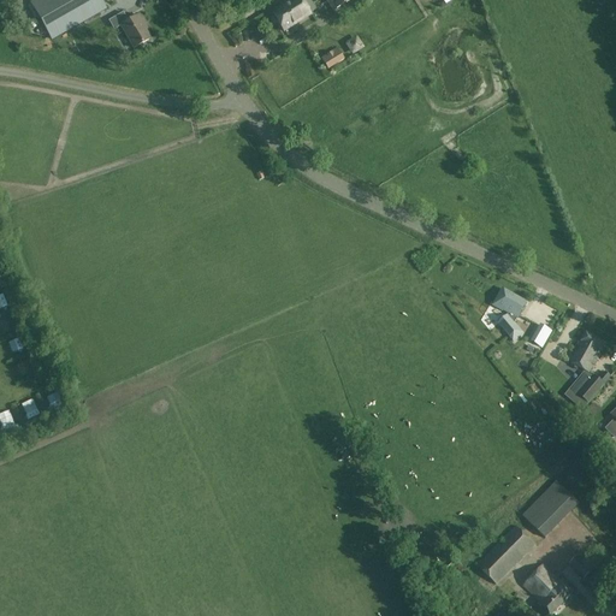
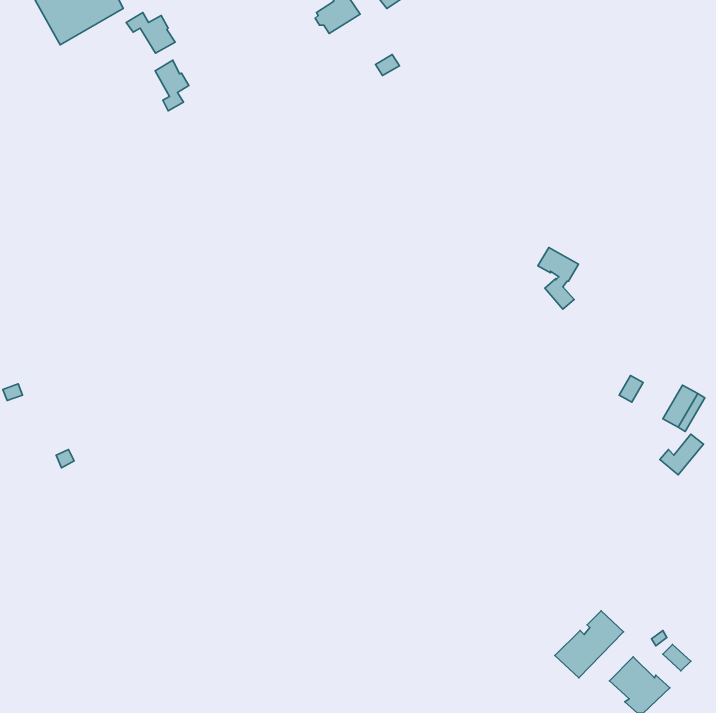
building: none -> [155,60,189,111]
building: [493,288,528,340] -> [538,248,578,309]
building: [522,479,579,537] -> none

